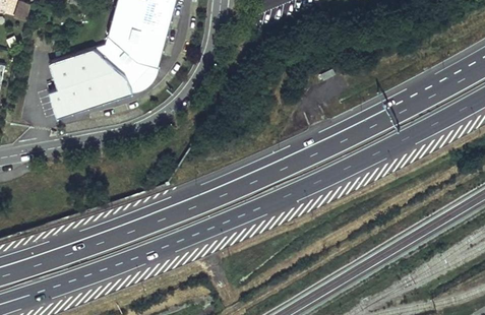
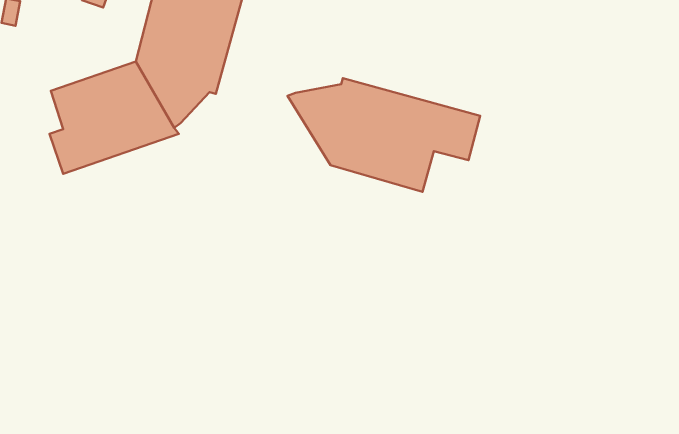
building: none -> [288,78,480,192]

